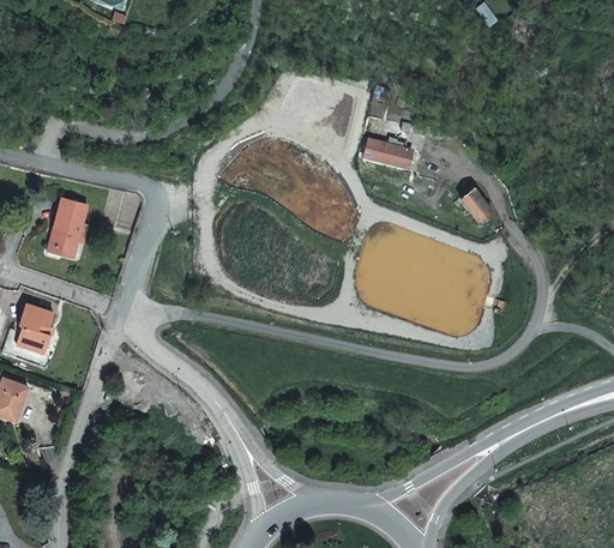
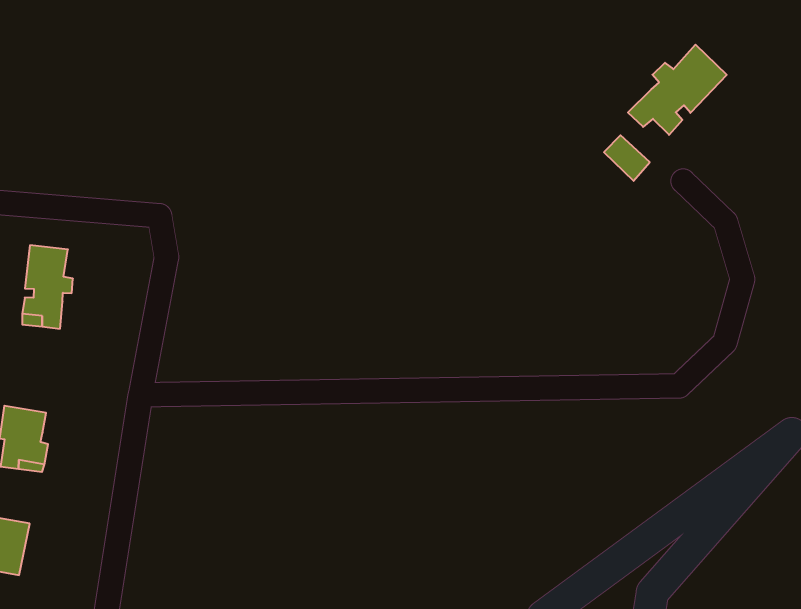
building: [363,138,410,169] -> none
building: none -> [628,45,727,135]

